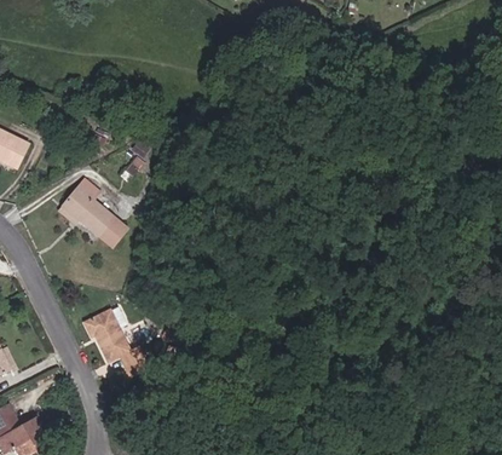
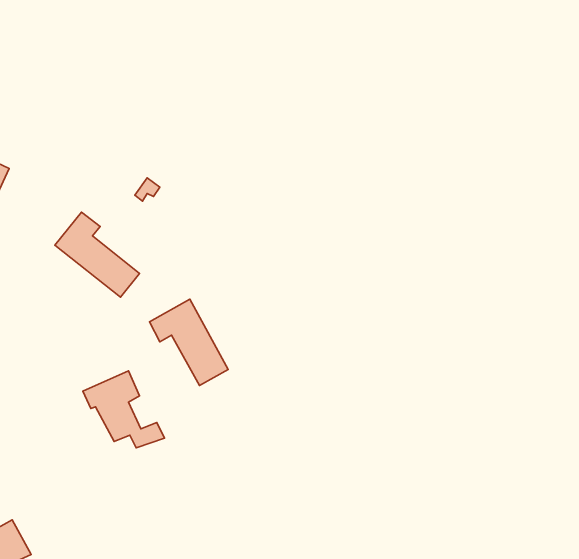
building: none -> [150,299,228,385]

